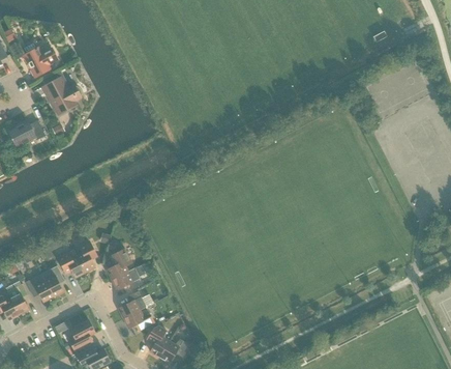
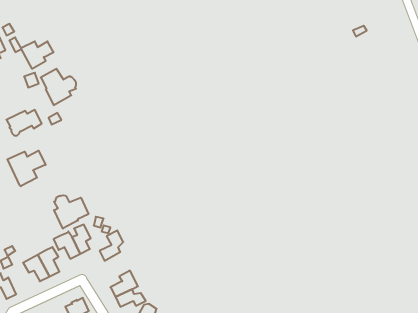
building: none -> [7,151,46,186]
building: none -> [54,195,88,229]
building: [111,268,142,290] -> none
building: [6,283,28,315] -> none

